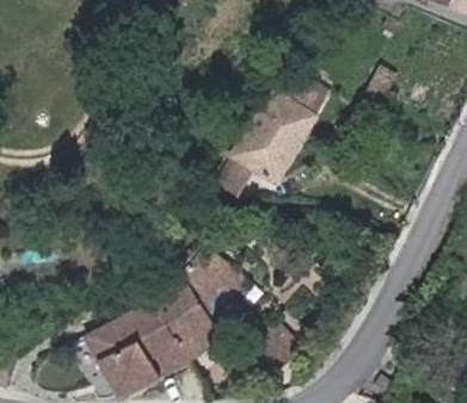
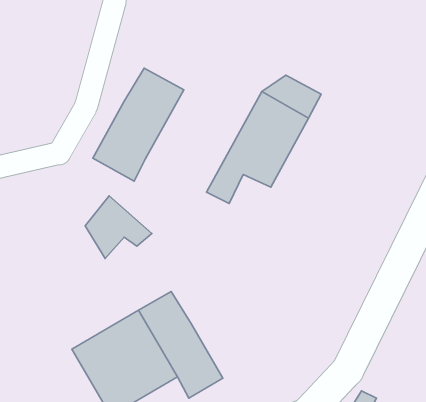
building: none -> [93,68,184,181]
building: [184,252,247,311] -> [85,196,152,259]

